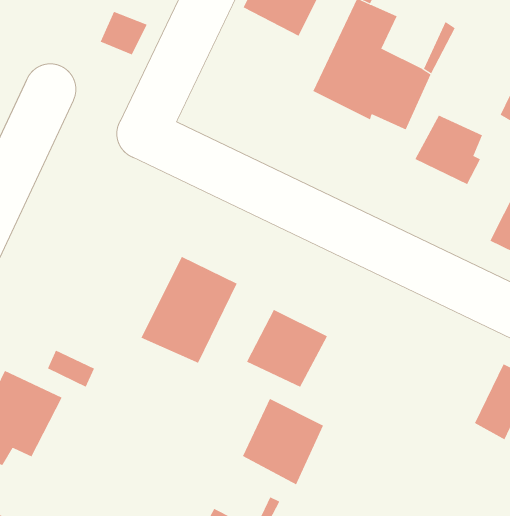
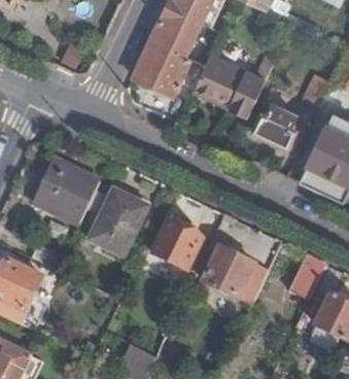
building: none -> [132,40,189,97]
building: none -> [33,162,97,223]
building: [242,398,324,485] -> [204,247,253,300]

